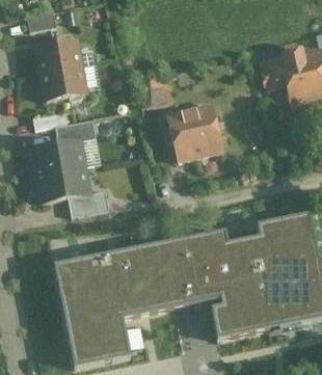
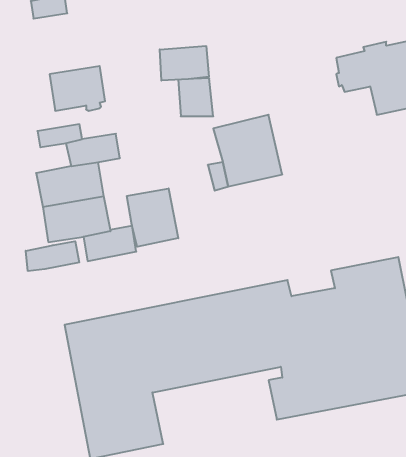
building: [36,36,80,74] -> none
building: none -> [160,46,209,81]
building: none -> [127,188,178,247]
building: none -> [26,241,79,271]

